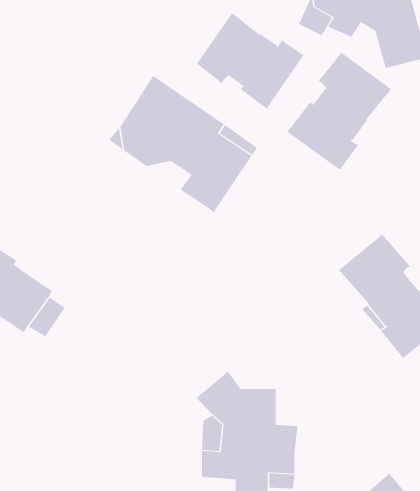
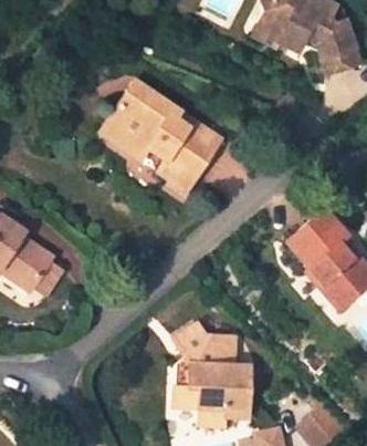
building: [196,12,304,109] -> none
building: [286,52,392,171] -> none

